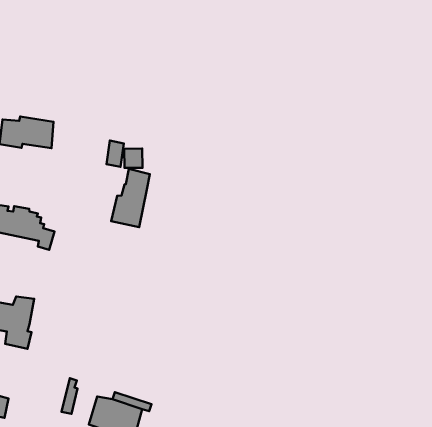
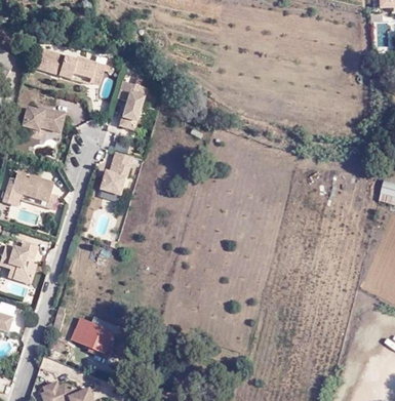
building: none -> [36,48,104,82]
building: none -> [118,84,145,130]

